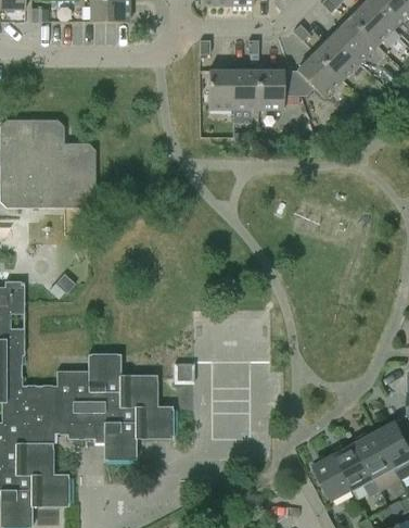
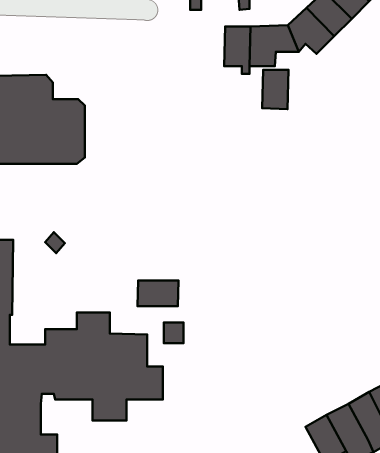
building: [208,71,234,110] -> [262,70,289,109]
building: none -> [138,280,178,306]

